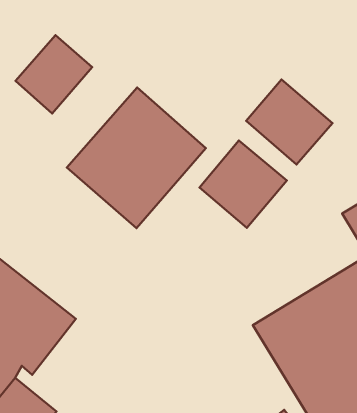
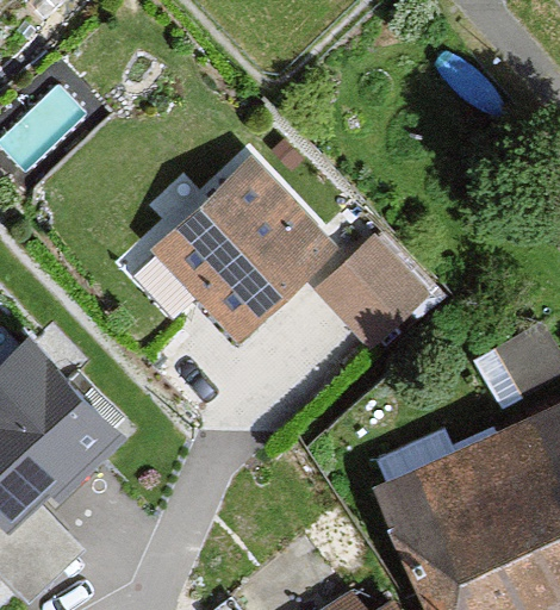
building: [15,35,92,113] -> none
building: [246,79,333,164] -> none

